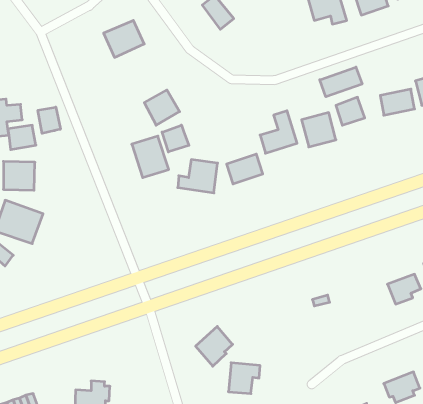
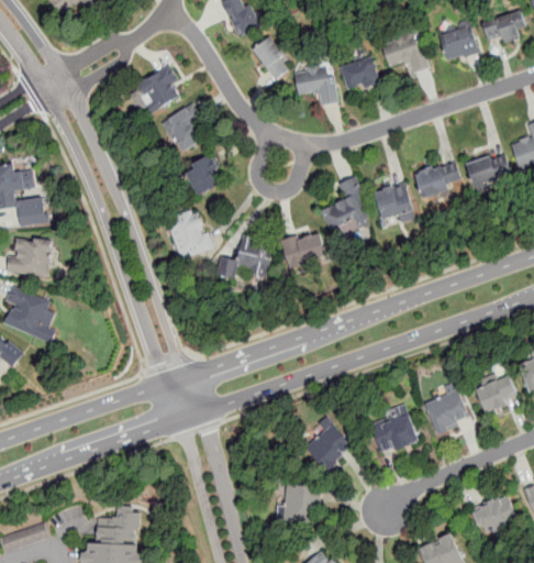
building: none -> [338,55,380,91]
building: none -> [292,65,337,106]
building: none -> [160,102,202,153]
building: [320,67,362,97] -> none
building: [38,107,60,133] -> none
building: [162,125,189,152] -> none
building: none -> [425,389,469,435]
building: none -> [371,412,420,453]
building: [196,326,233,366] -> [307,424,352,473]

